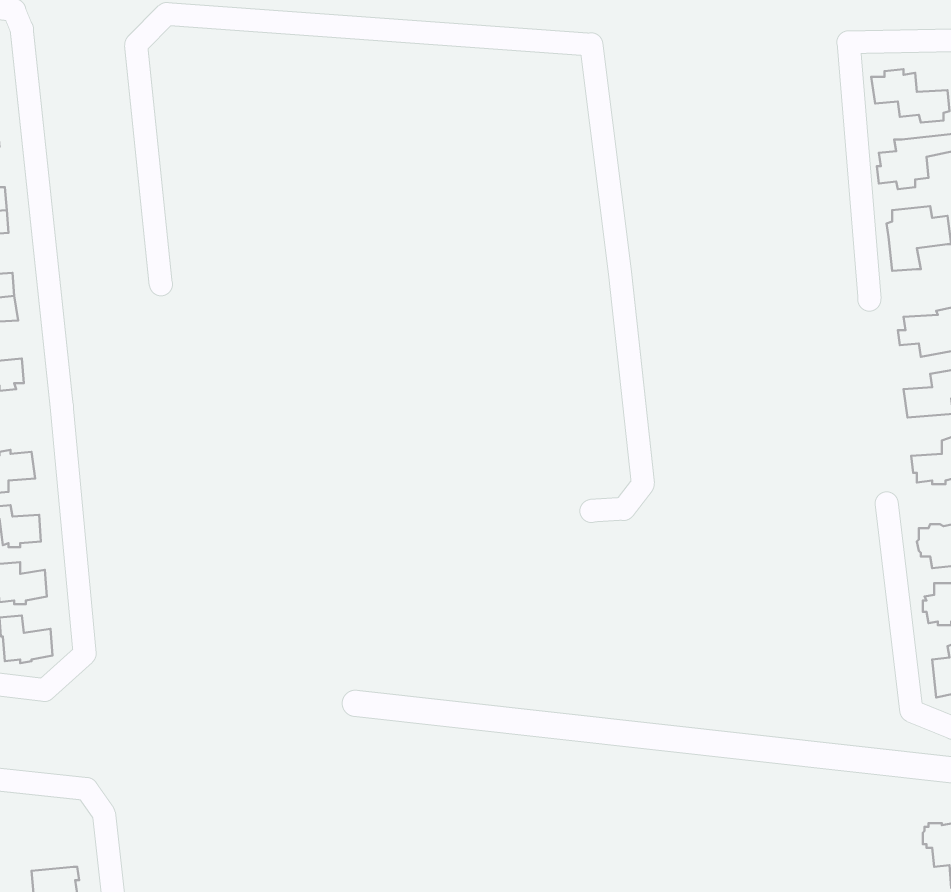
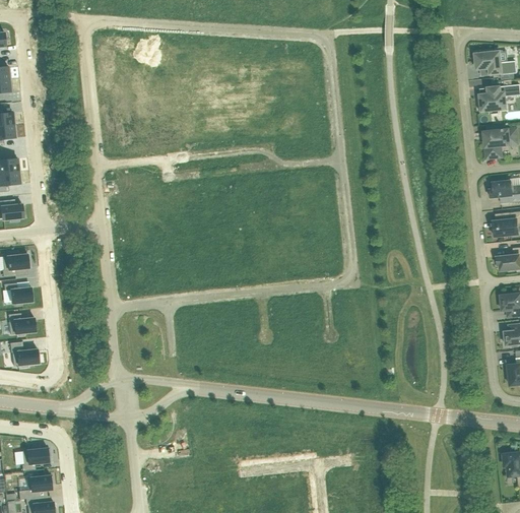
building: none -> [22,448,50,470]

